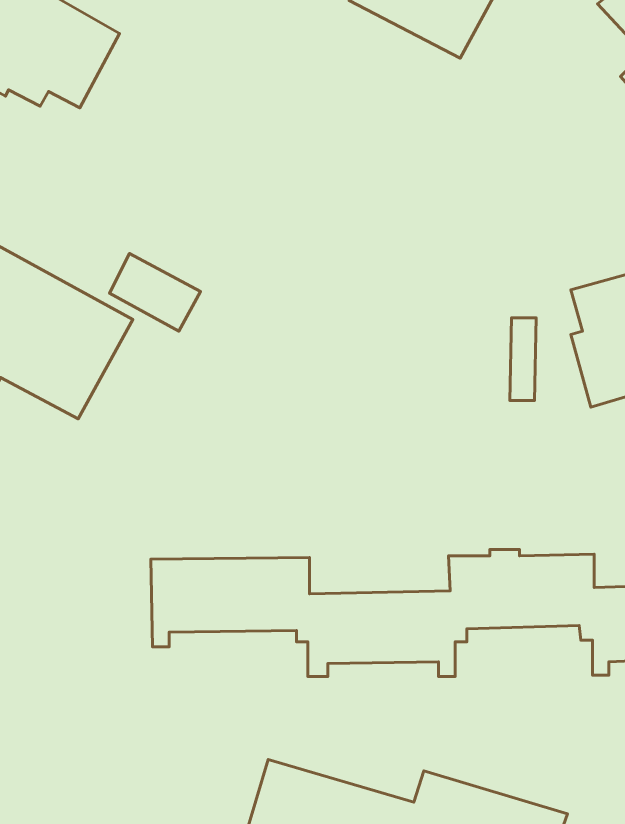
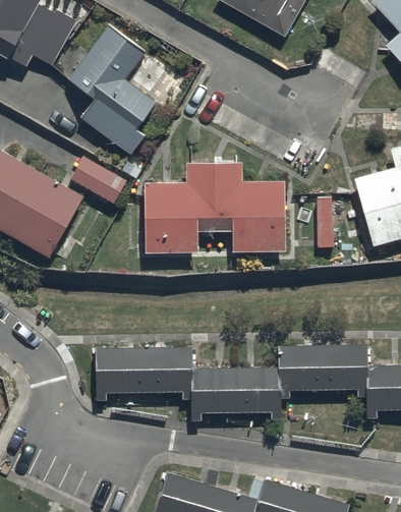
building: none -> [66,23,157,156]
building: none -> [146,164,285,255]

